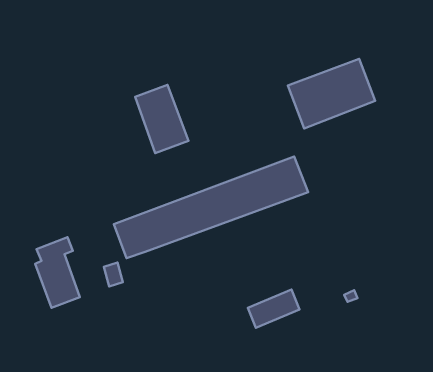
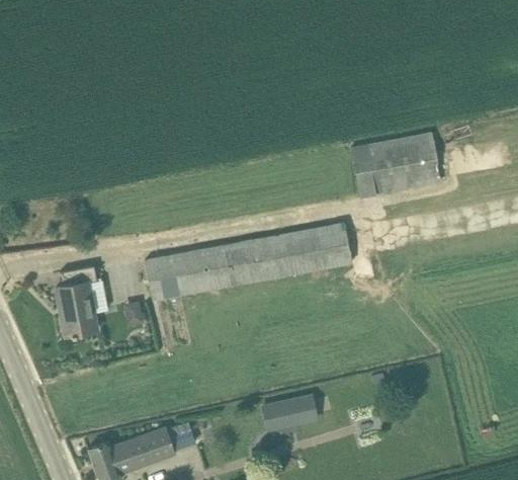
building: [135,85,189,153] -> none
building: [248,290,300,328] -> [263,397,317,430]

